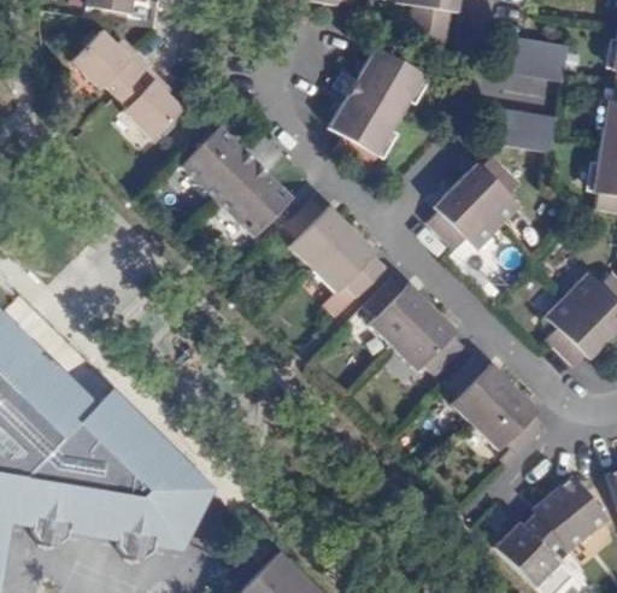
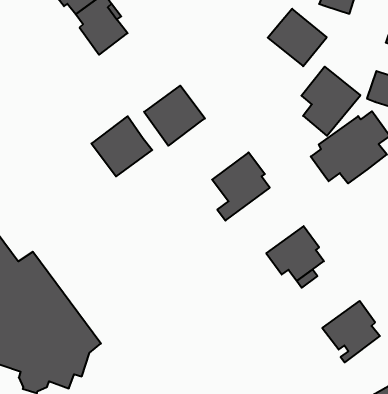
building: [330,87,401,170] -> [301,67,360,136]
building: [182,125,257,200] -> [91,116,152,176]
building: [284,198,352,269] -> none
building: [364,276,433,347] -> none
building: [446,356,515,427] -> none

